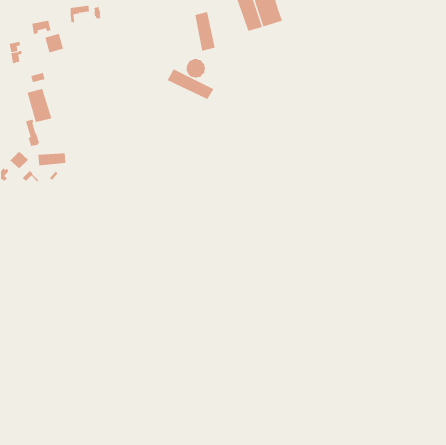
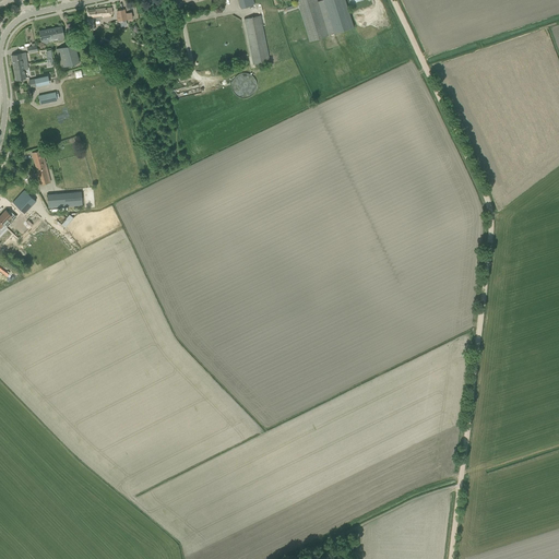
building: [167,68,214,100] -> none
building: [27,88,52,123] -> none

